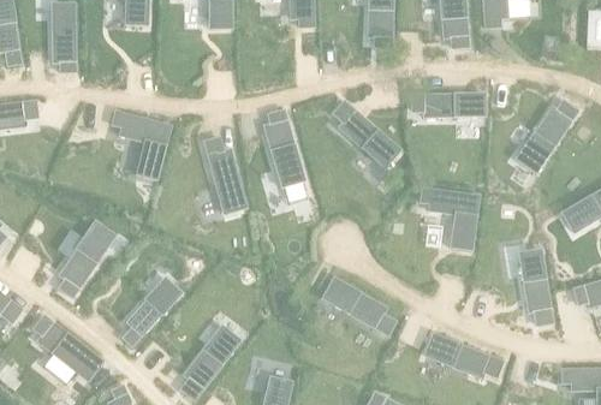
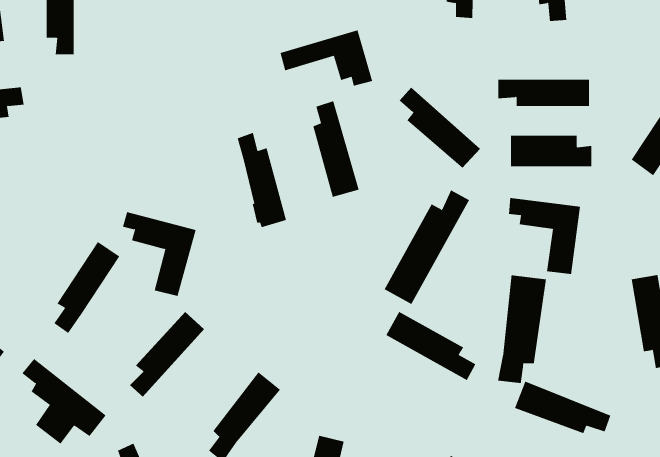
building: none -> [280,30,373,86]
building: [111,112,169,179] -> [122,212,196,296]
building: none -> [511,135,592,167]
building: none -> [384,189,470,305]
building: none -> [498,275,546,384]

